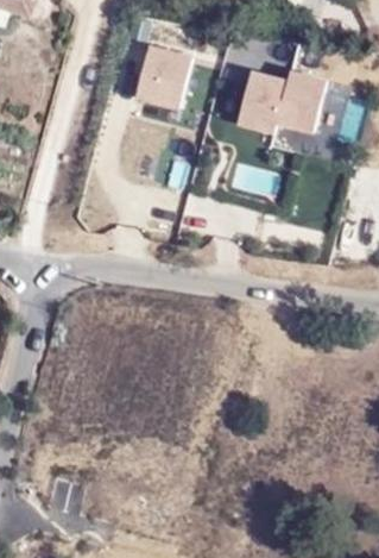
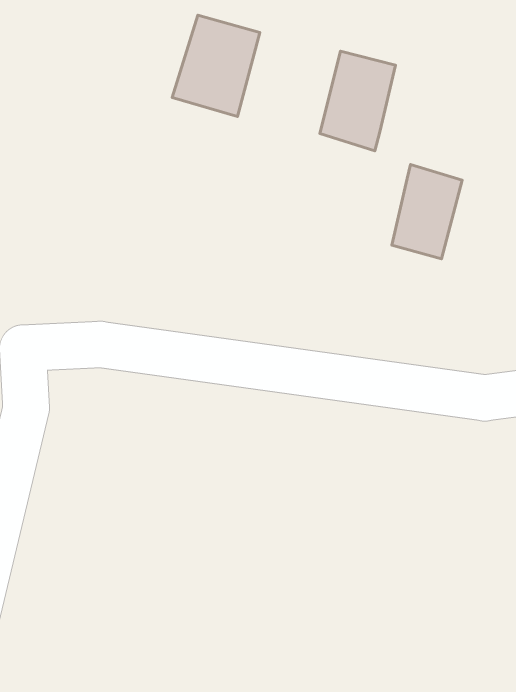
building: [277,65,326,131] -> [392,165,462,259]

